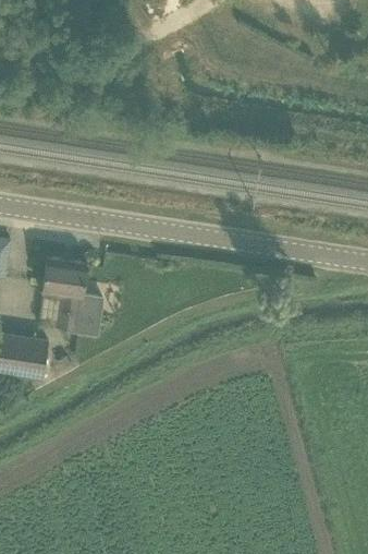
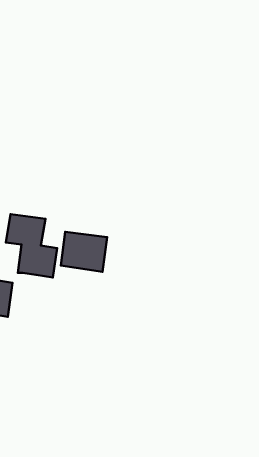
building: none -> [61,232,107,272]

